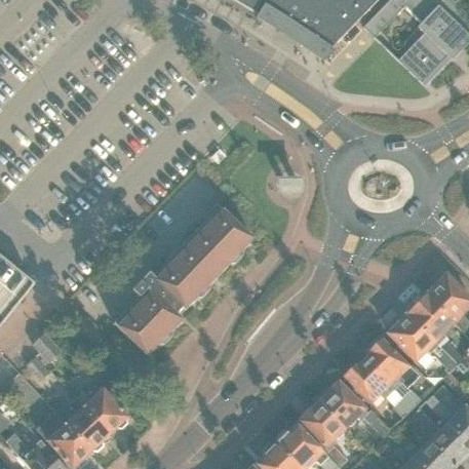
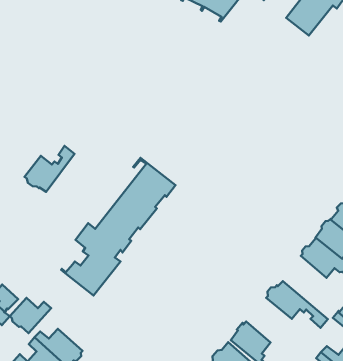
building: none -> [25,146,75,192]
building: [364,339,420,407] -> none
building: none -> [10,298,51,333]
building: [318,382,390,437] -> none

